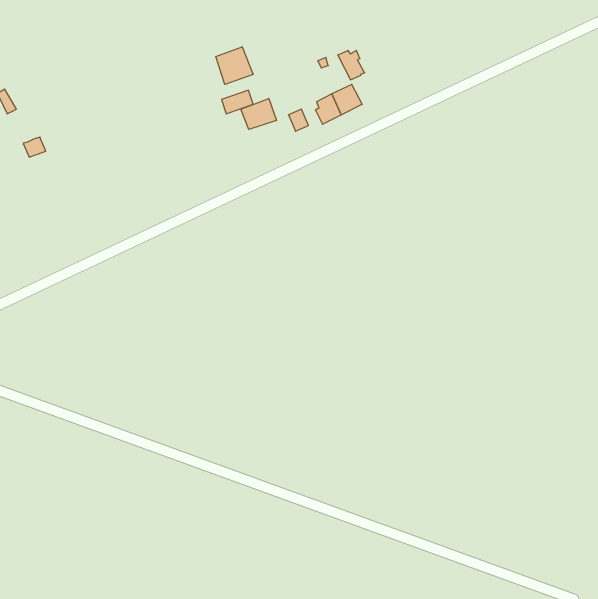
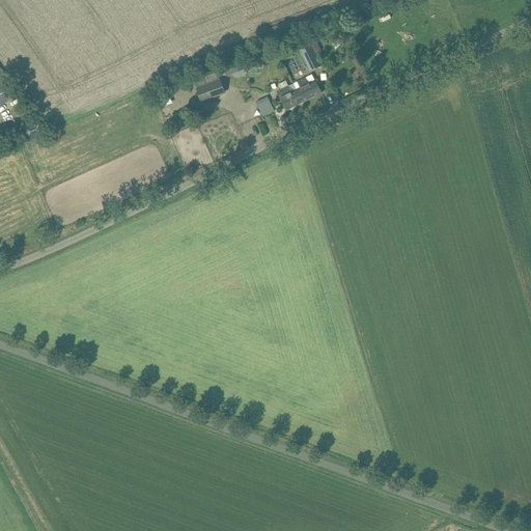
building: [216,47,253,84] -> none
building: [241,98,276,129] -> none

